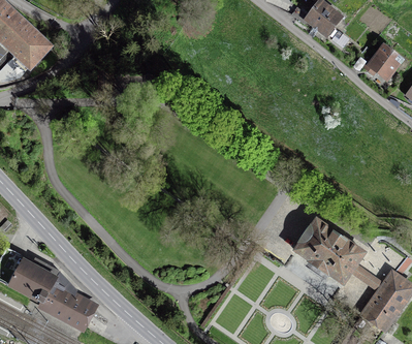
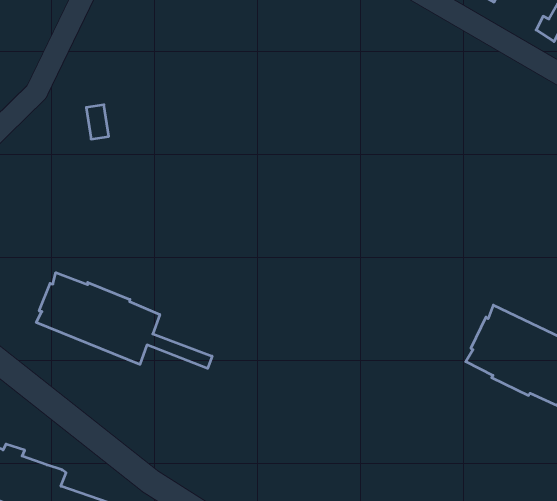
building: none -> [36,273,212,368]

